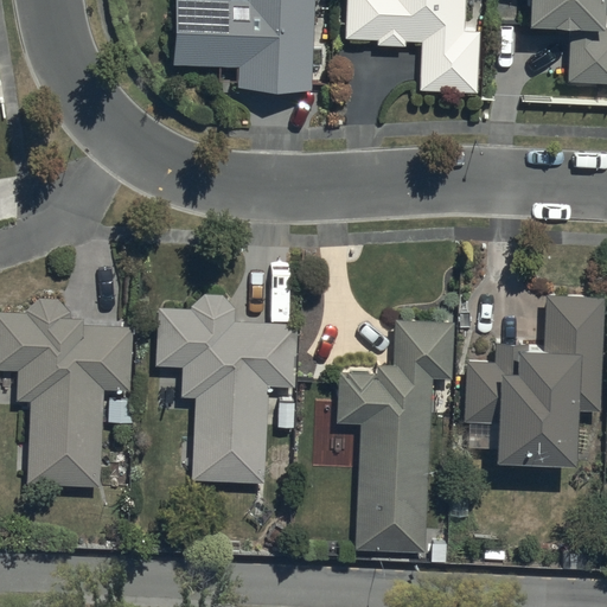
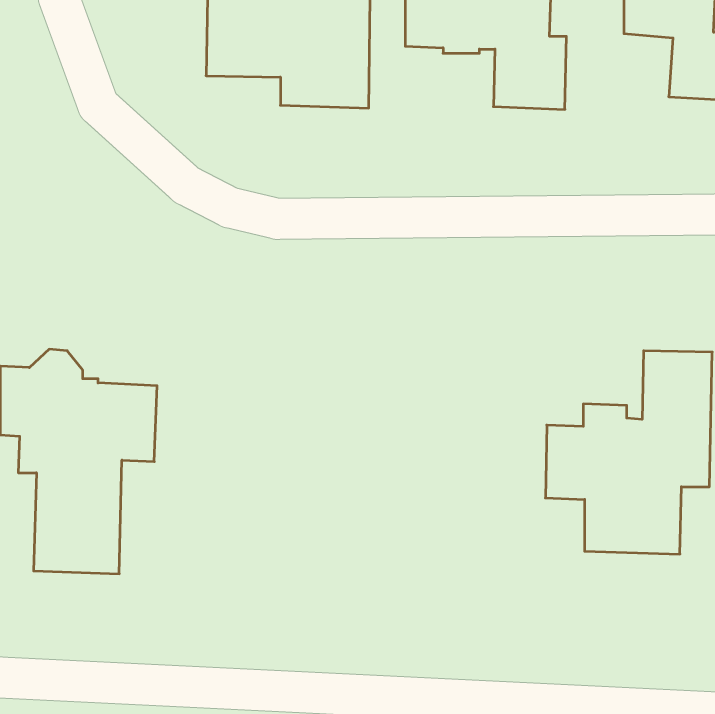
building: [156,294,298,484] -> none
building: [337,318,453,551] -> none

